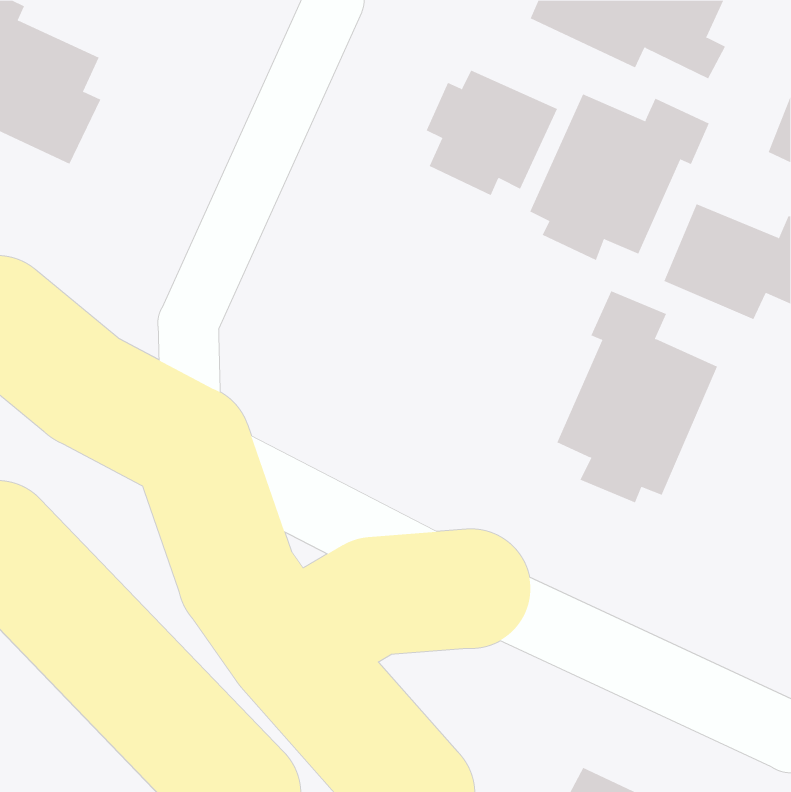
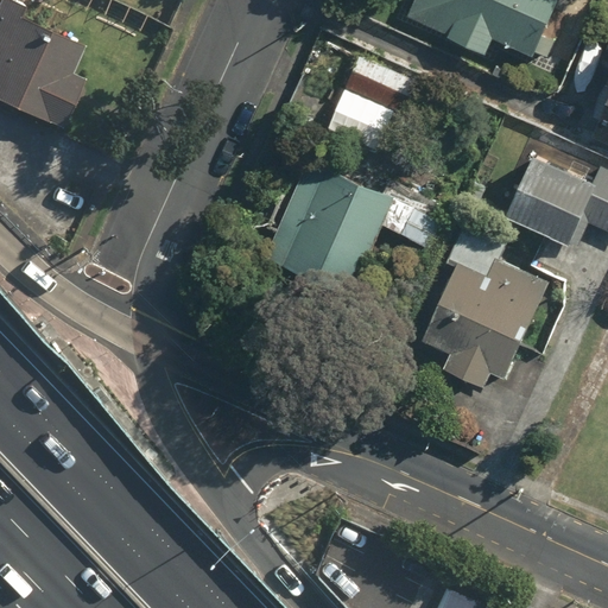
building: [530,94,710,261] -> none
building: none -> [265,159,394,294]

